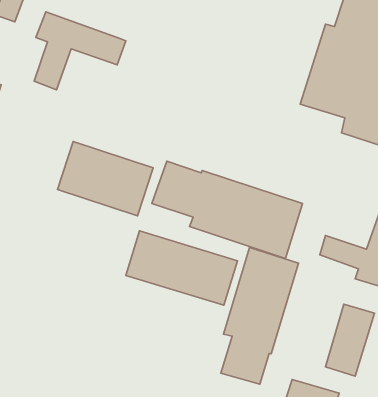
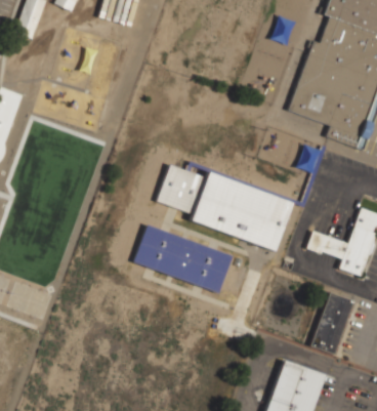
building: [34,12,126,90] -> none
building: [57,142,153,216] -> none
building: [221,247,299,384] -> none

